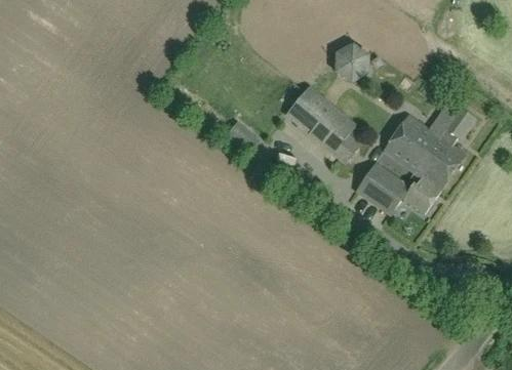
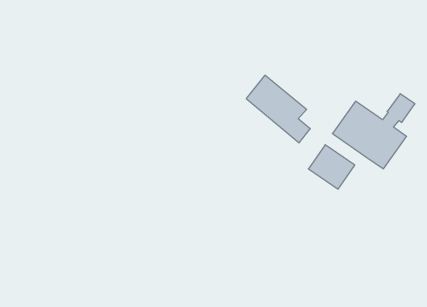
building: [334,40,370,77] -> none
building: [402,178,439,213] -> none

